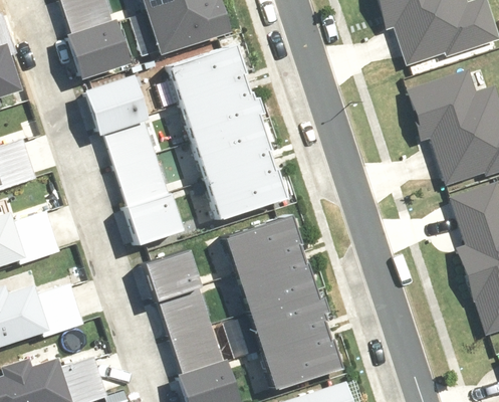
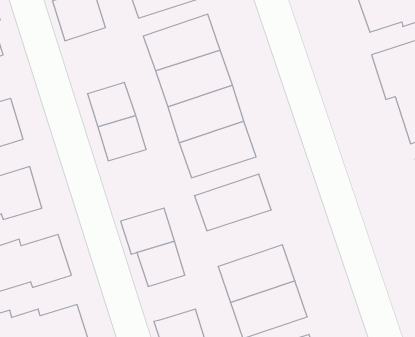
building: [89,81,146,132] -> none
building: [124,189,182,244] -> none
building: [233,253,313,314] -> none
building: [171,323,221,371] -> none

